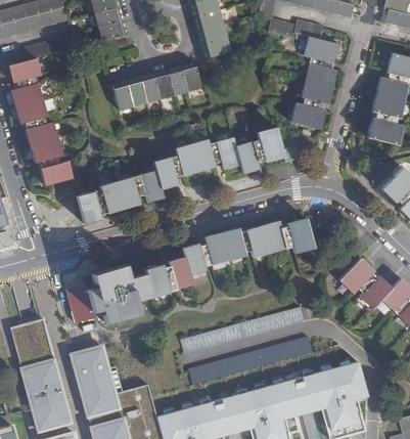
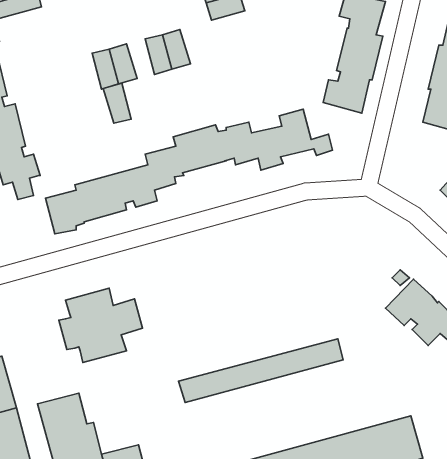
building: [180,61,201,92] -> none
building: [139,73,161,103] -> [103,83,131,123]
building: [144,215,315,297] -> none
building: [66,283,94,323] -> none
building: [190,333,312,382] -> none

